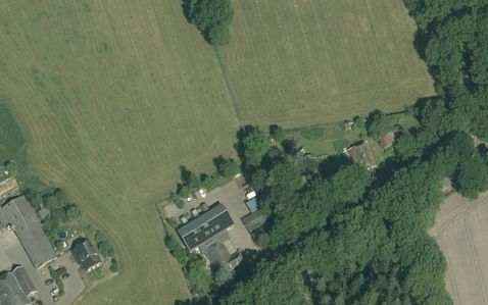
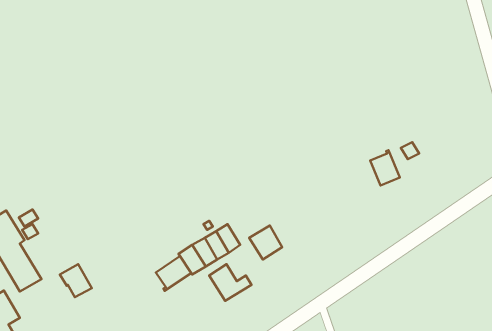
building: none -> [156,256,191,291]

